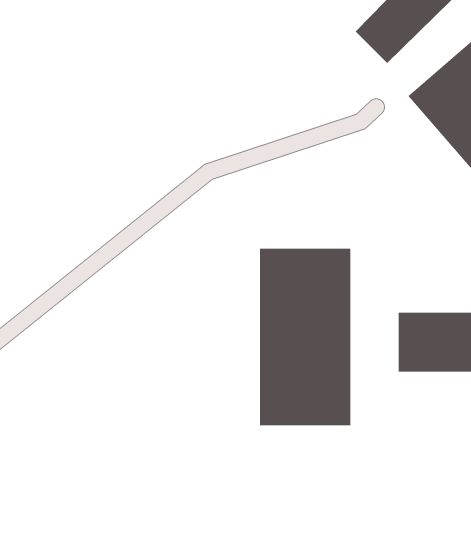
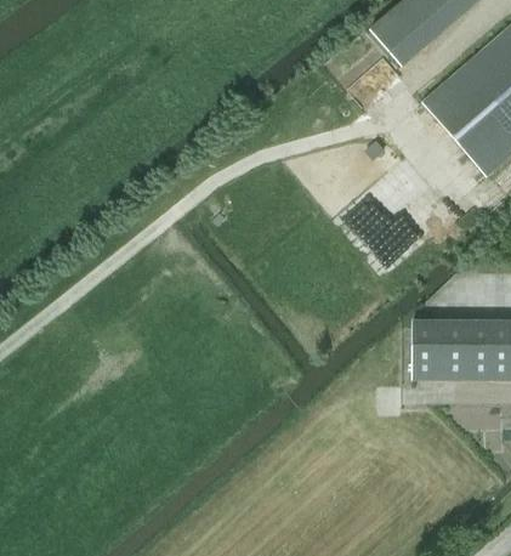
building: [259,248,351,426] -> none

